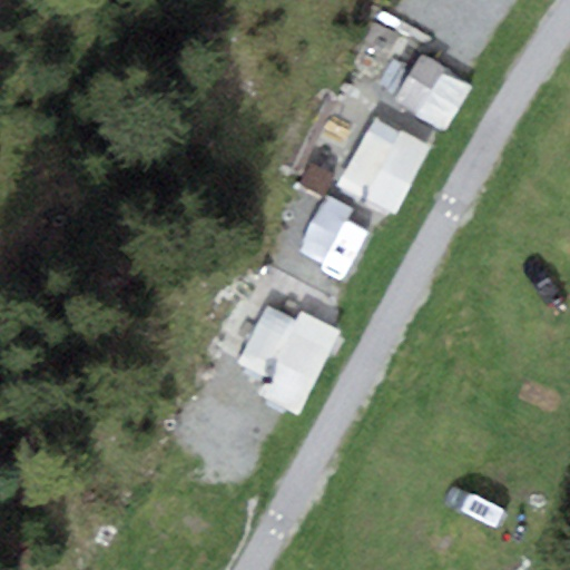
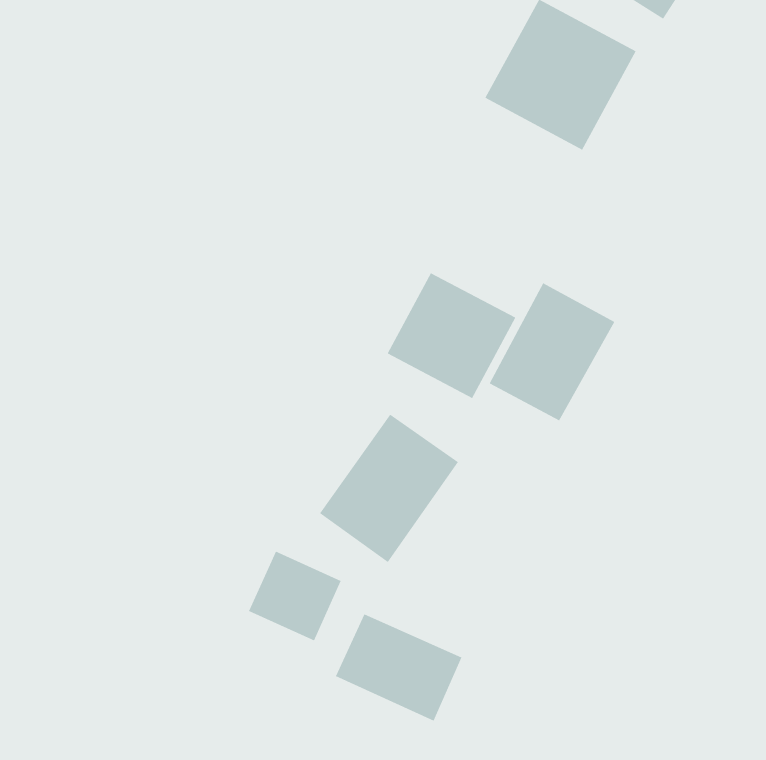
building: [342,105,435,207] -> [489,283,615,421]
building: none -> [335,613,462,721]

